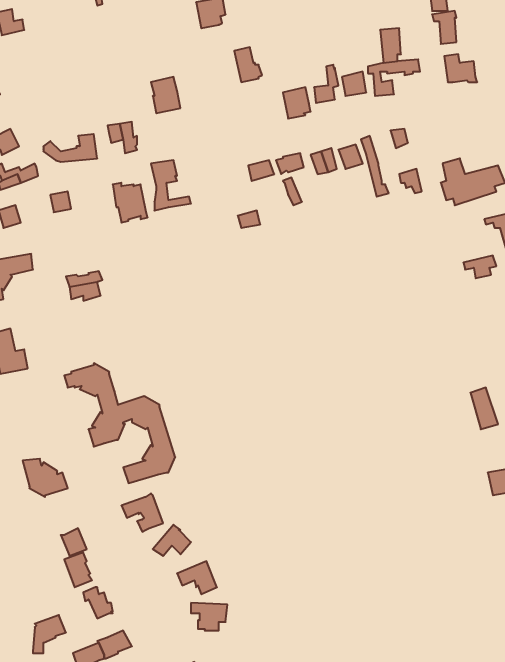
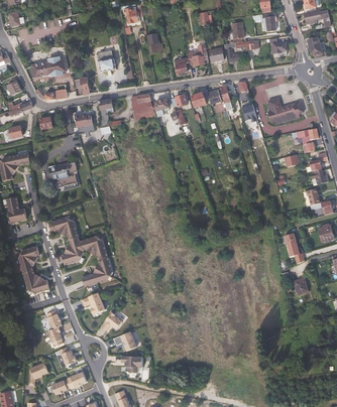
building: none -> [32,57,67,78]
building: none -> [130,94,156,121]
building: none -> [18,246,39,273]

